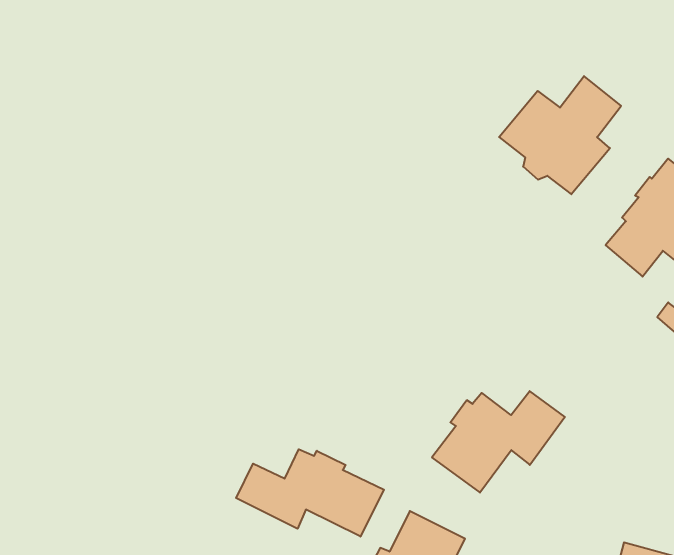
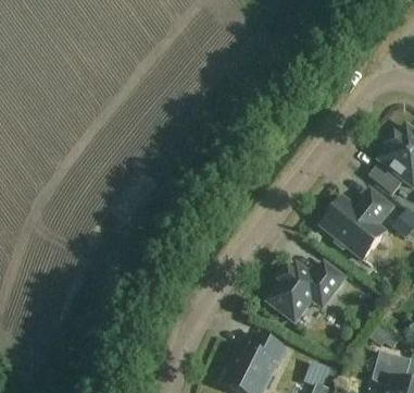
building: [499,76,621,194] -> [321,187,392,257]
building: [236,449,384,537] -> none

